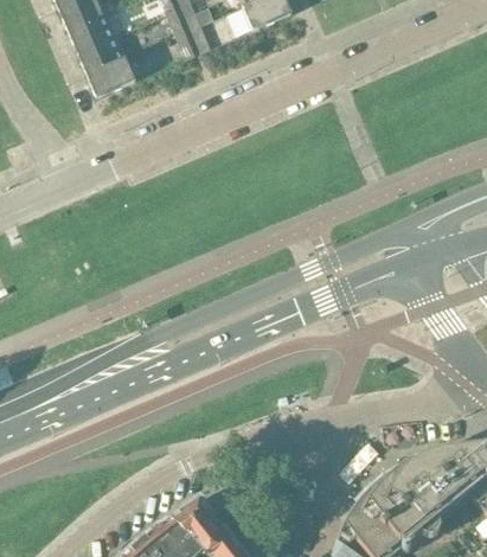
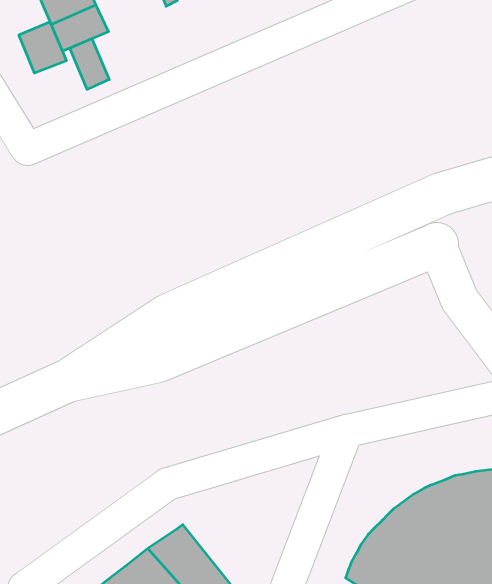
building: none -> [19,22,66,73]
building: none -> [70,39,109,89]

